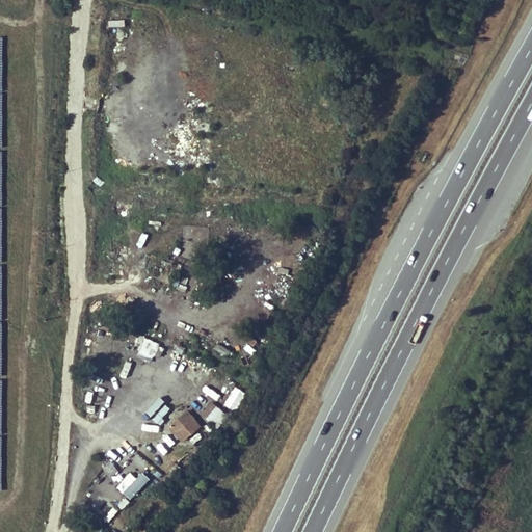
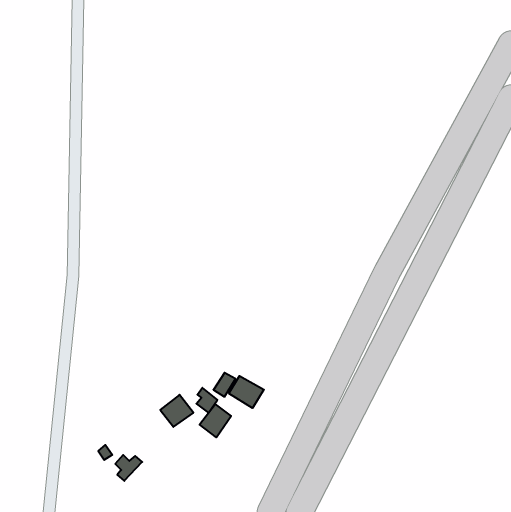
building: none -> [229,376,264,408]
building: none -> [200,404,231,437]

